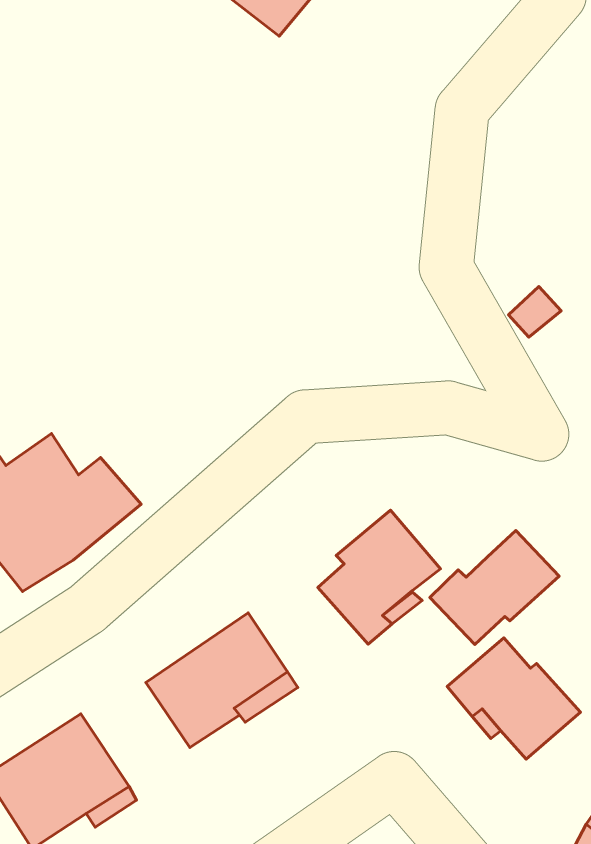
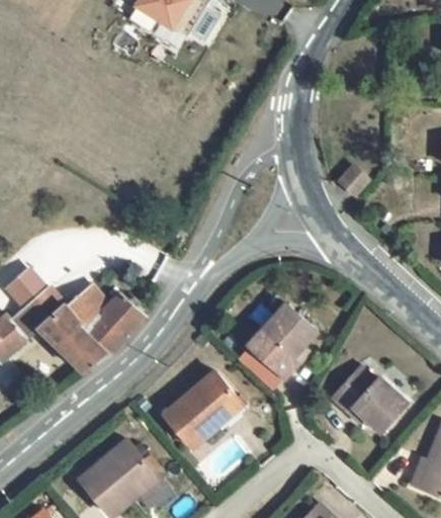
building: [430,531,559,644] -> none

